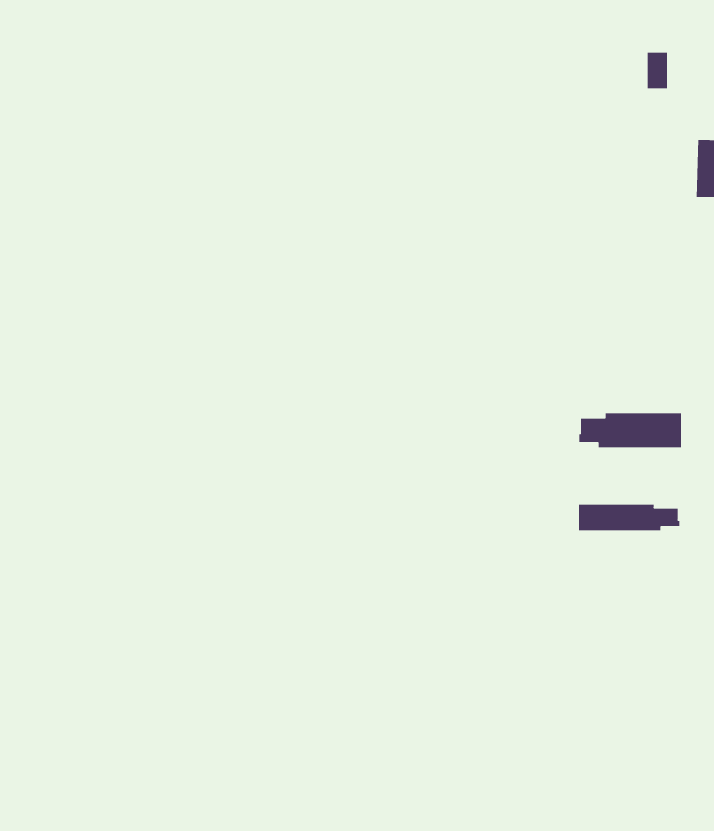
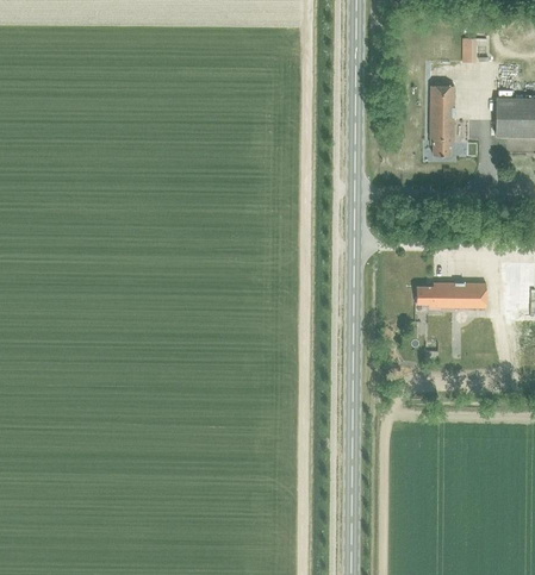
building: none -> [429,86,453,158]
building: [578,504,680,531] -> none

